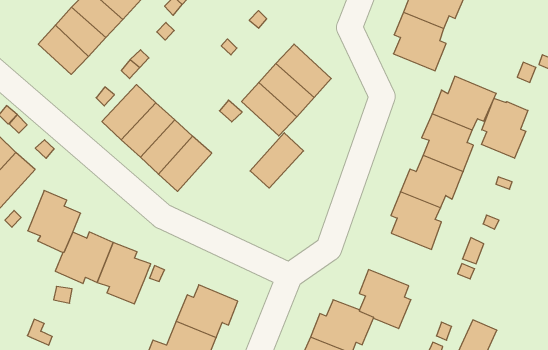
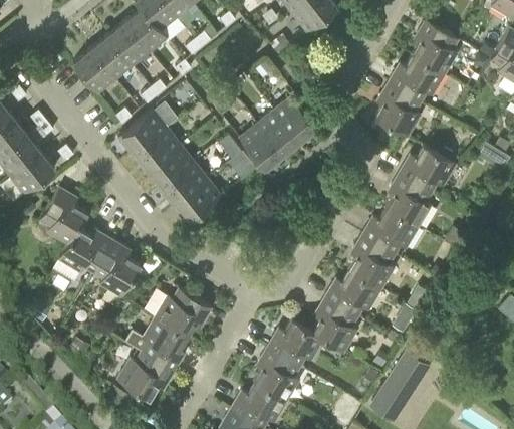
building: [481,98,528,158] -> none
building: [250,133,304,188] -> [173,177,221,222]
building: none -> [325,268,381,315]

